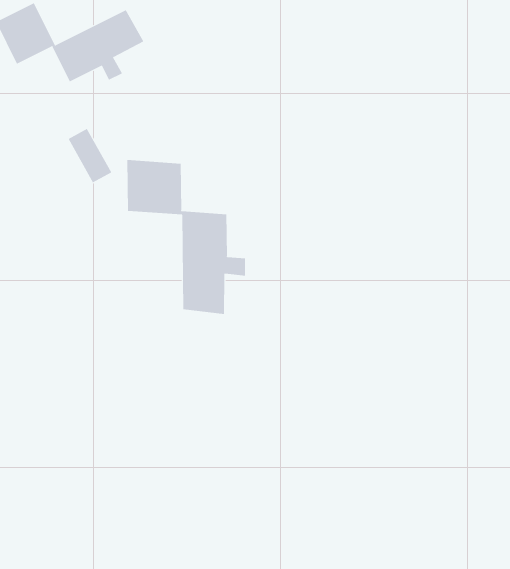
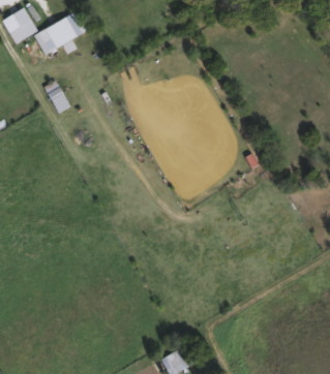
building: [127,159,246,315] -> none

